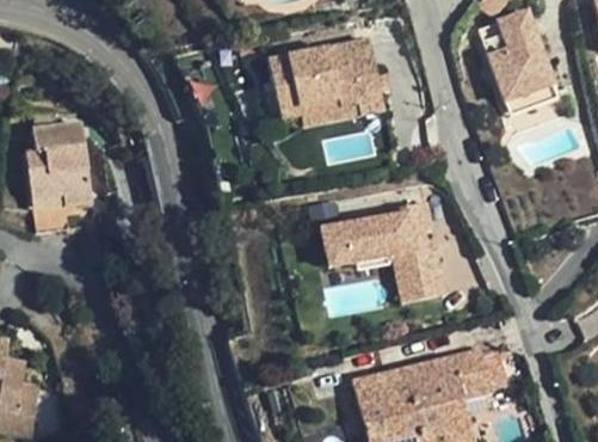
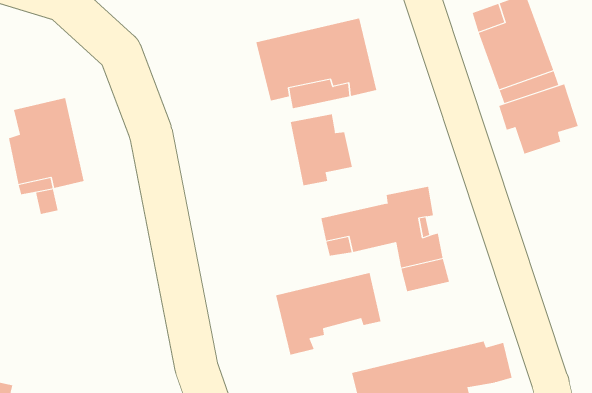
building: none -> [498,84,578,155]
building: none -> [290,113,352,186]
building: none -> [276,272,381,355]

